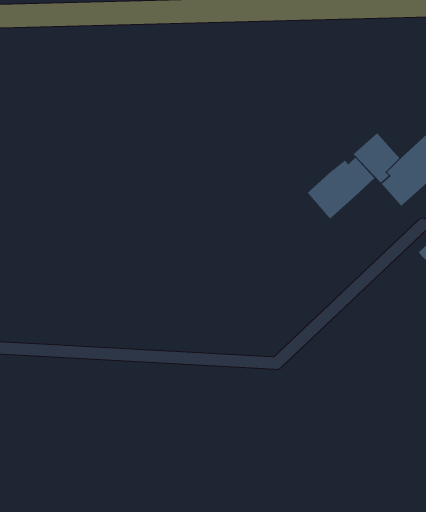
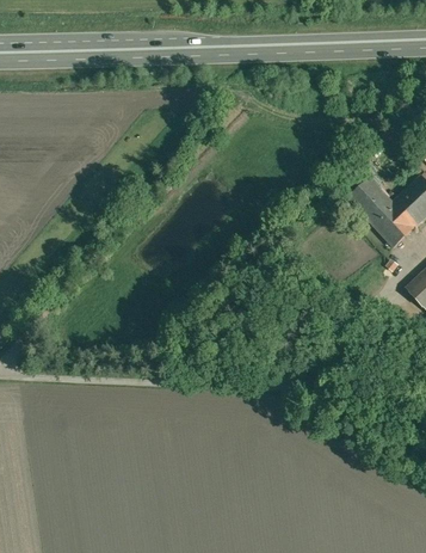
building: [307,157,375,220] -> none

